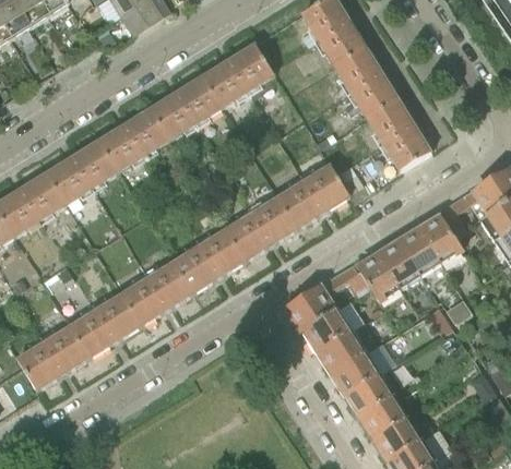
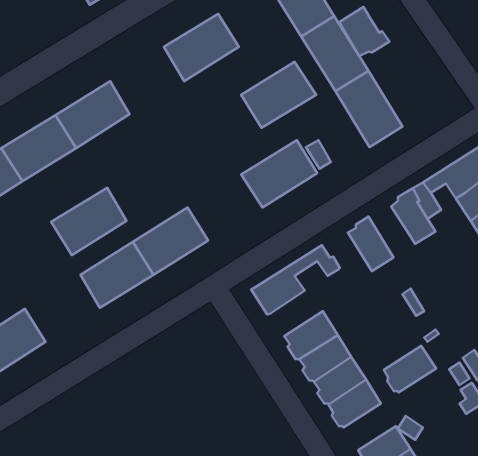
building: none -> [339,7,390,56]
building: [150,75,221,140] -> none
building: [224,197,296,261] -> [241,62,316,128]
building: [397,228,442,277] -> none
building: [353,253,401,303] -> none
building: [68,293,140,358] -> [51,188,126,255]
building: [304,306,354,352] -> none
building: [373,417,424,461] -> [384,346,436,392]

